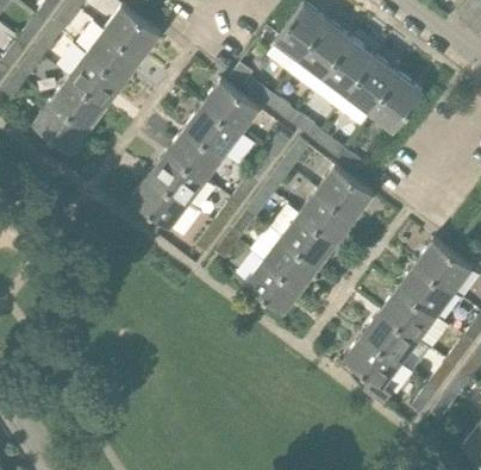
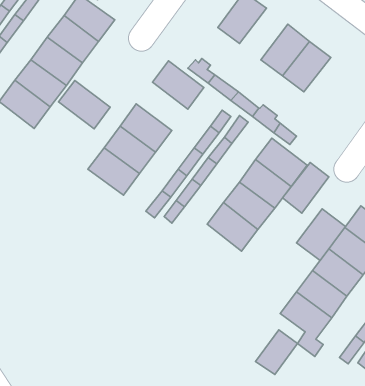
building: [299,20,352,77] -> none
building: [370,75,424,131] -> none
building: [185,102,242,156] -> [59,80,110,129]
building: none -> [283,163,329,213]
building: none -> [297,209,346,260]
building: [245,259,301,313] -> none
building: none -> [255,330,298,375]

